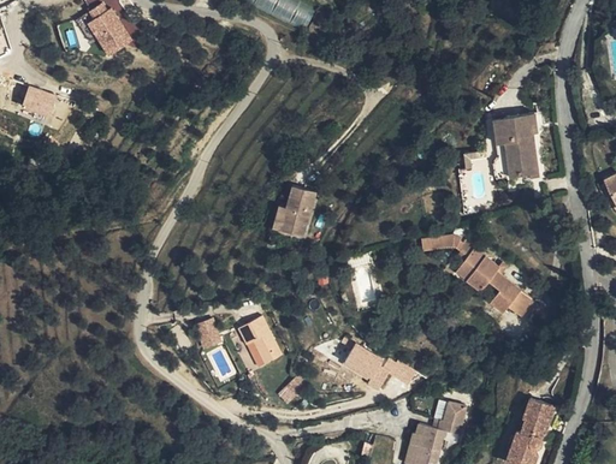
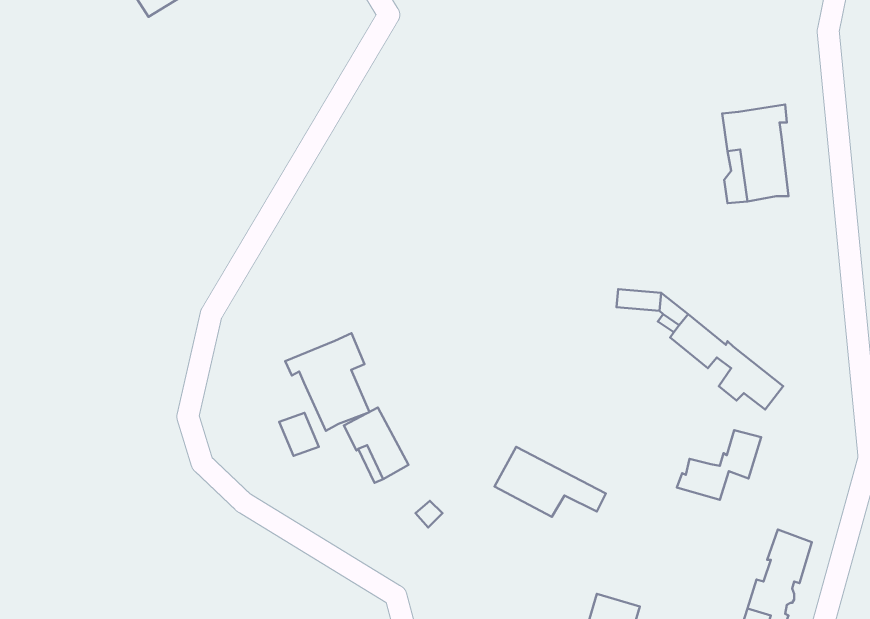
building: [23,85,58,115] -> none
building: [273,184,315,236] -> none
building: none -> [285,333,369,431]
building: [409,401,466,448] -> [677,430,761,500]

